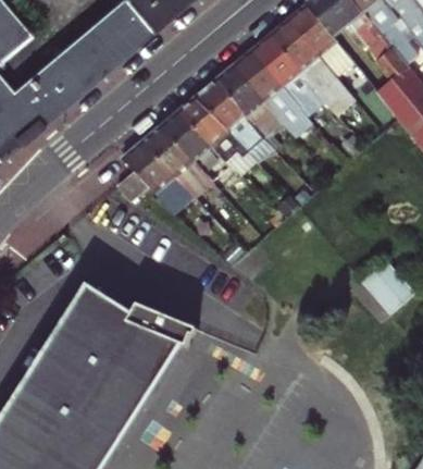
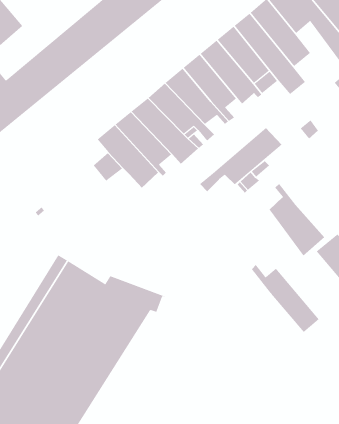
building: none -> [199,127,283,192]
building: none -> [269,183,325,256]
building: none -> [251,264,320,333]

